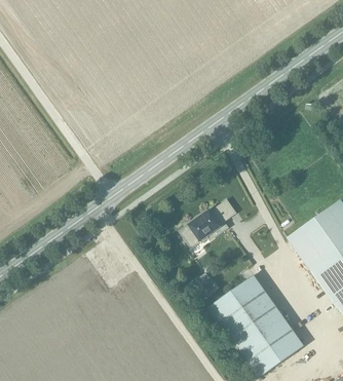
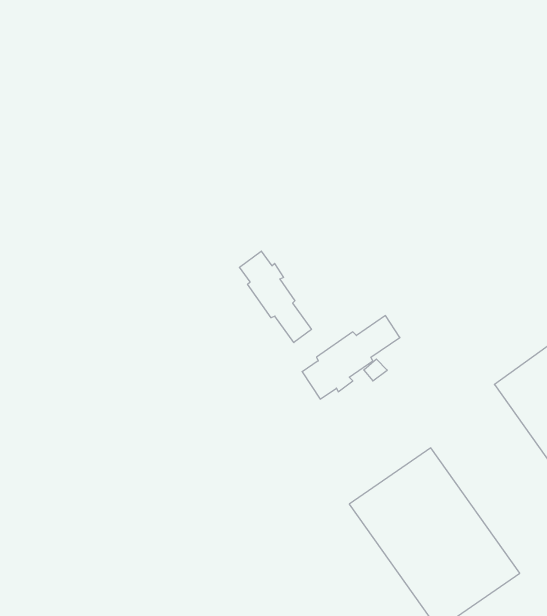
building: none -> [239,251,311,343]

